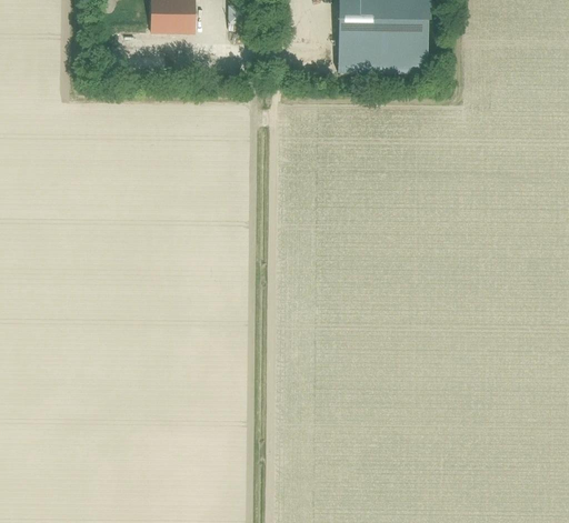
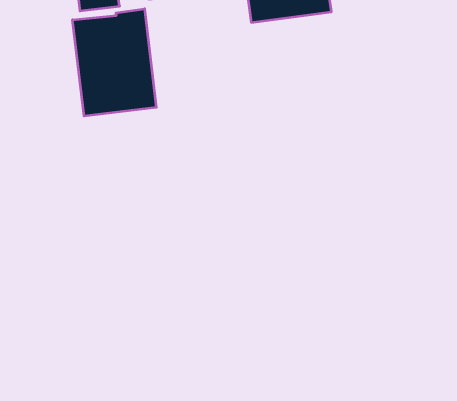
building: none -> [73,9,156,116]

